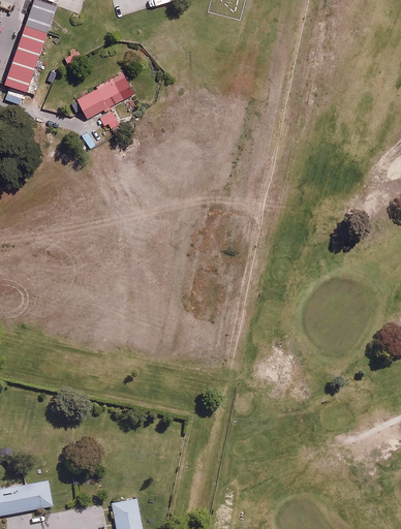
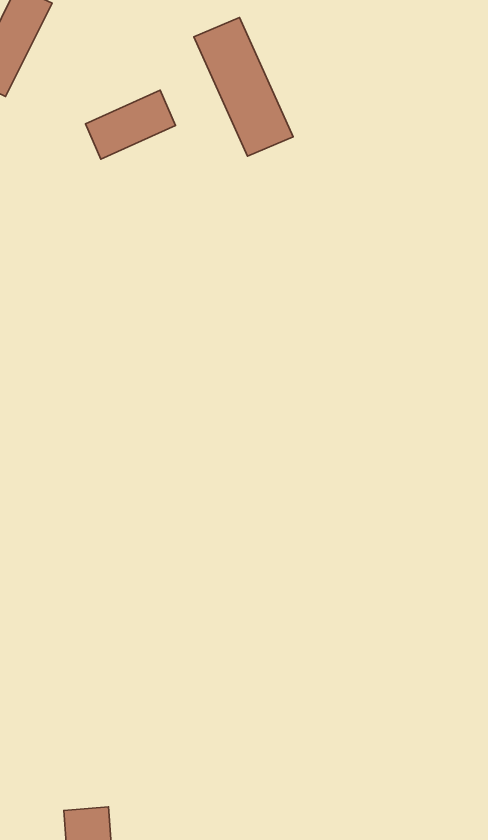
building: none -> [194,18,293,156]

